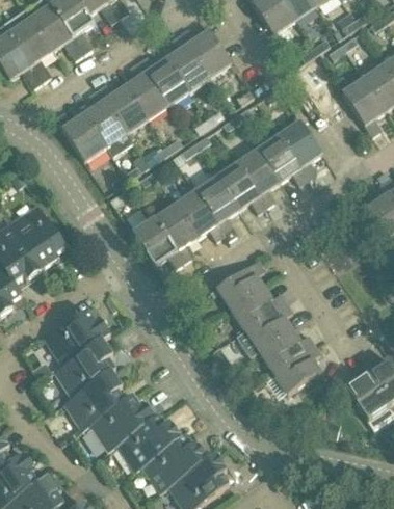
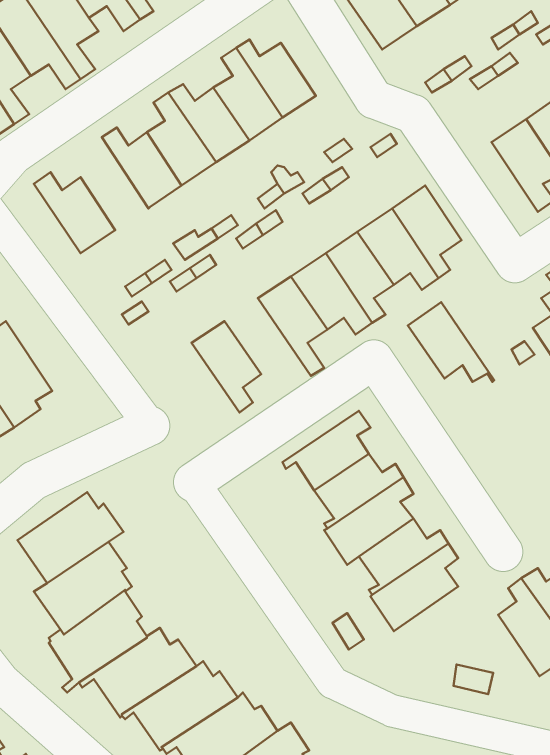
building: [84,88,134,156] -> none
building: [175,189,229,239] -> [408,302,494,382]
building: [132,217,184,267] -> none

